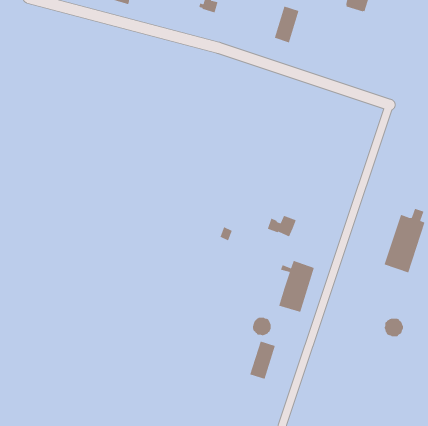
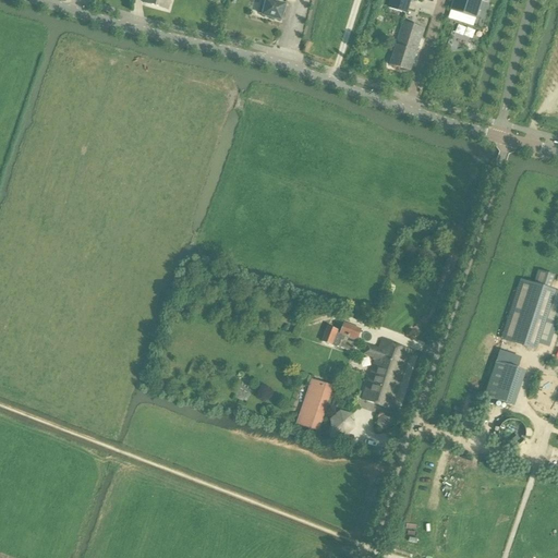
building: [274,6,300,43] -> [389,20,423,69]
building: [267,215,297,238] -> [322,320,361,350]
building: none -> [483,360,515,401]
building: [249,341,276,380] -> [298,378,332,429]

